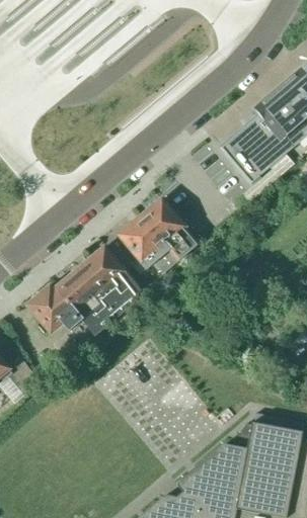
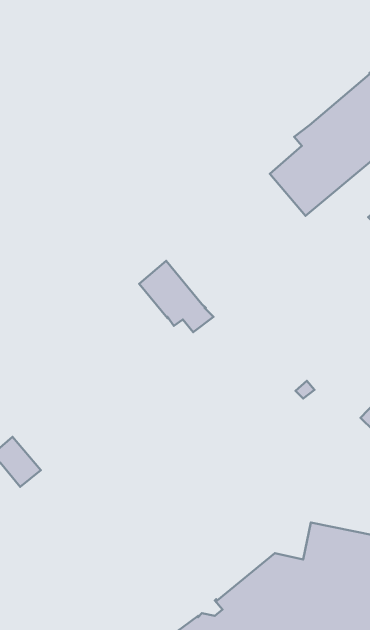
building: [141,199,200,261] -> none
building: [28,247,144,335] -> none

